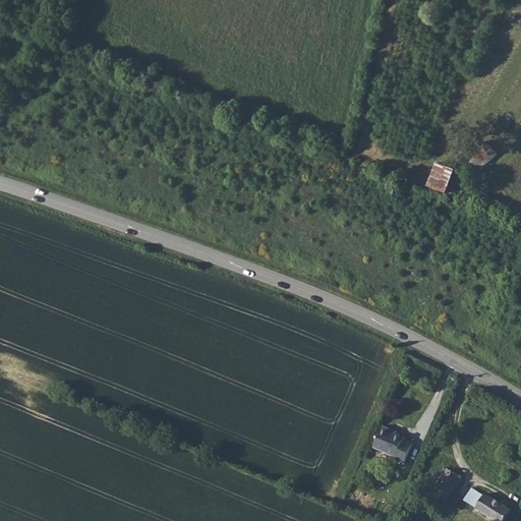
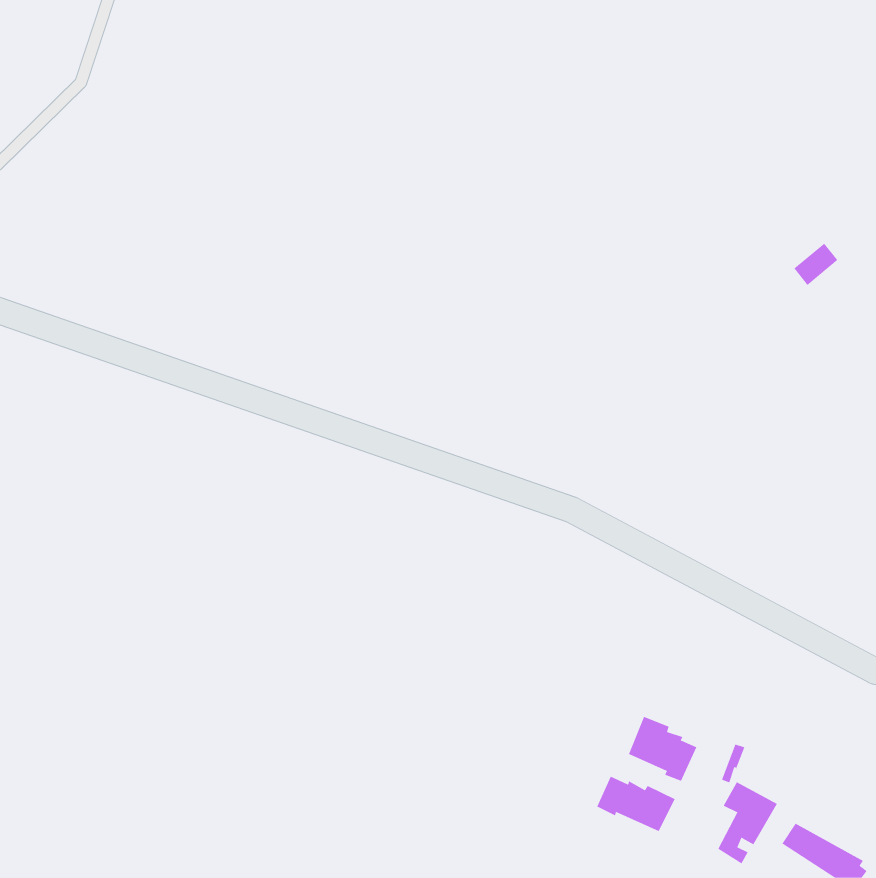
building: [425,162,454,193] -> none
building: none -> [596,776,675,832]

